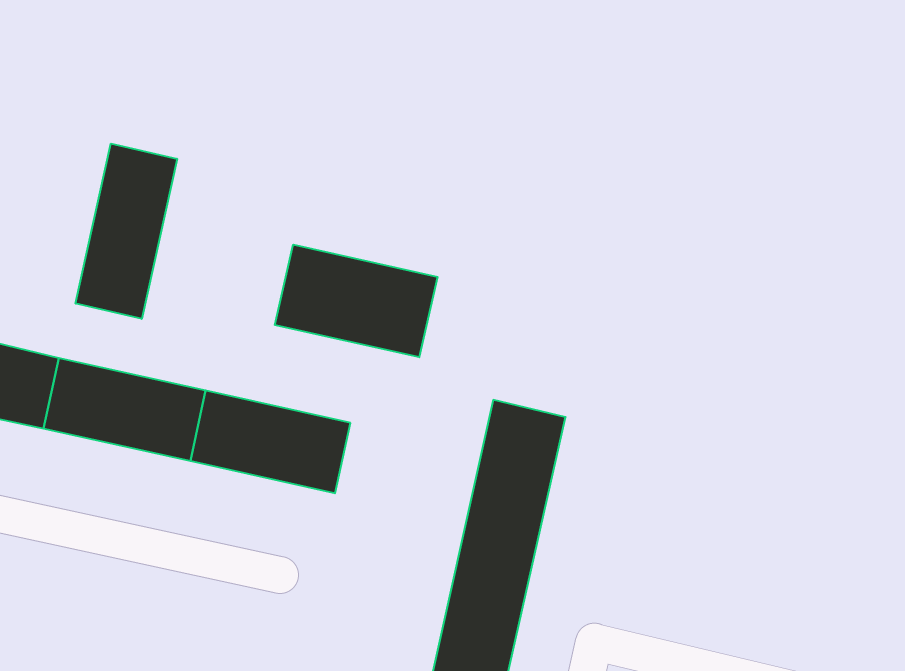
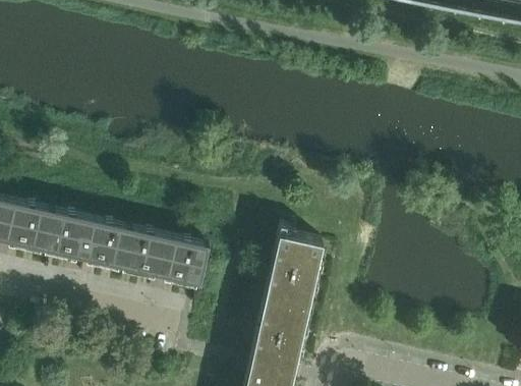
building: [76,144,177,319] -> none
building: [275,245,438,357] -> none

